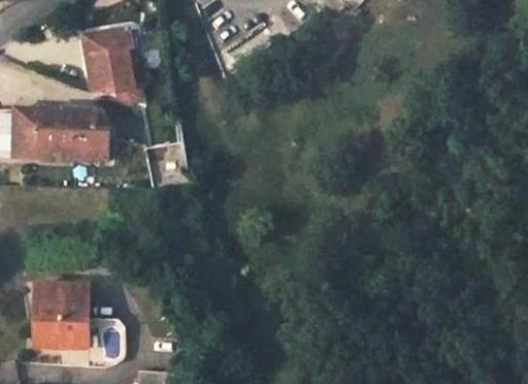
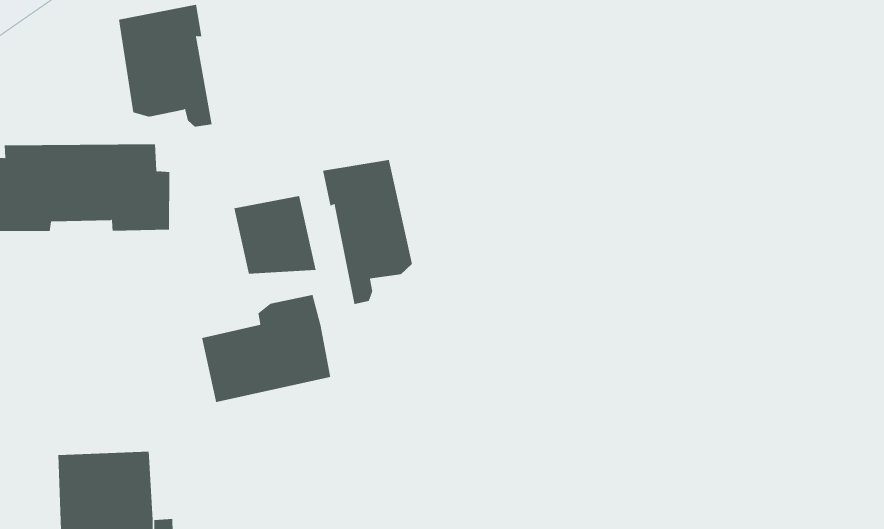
building: none -> [322,159,412,305]
building: none -> [201,294,331,403]

